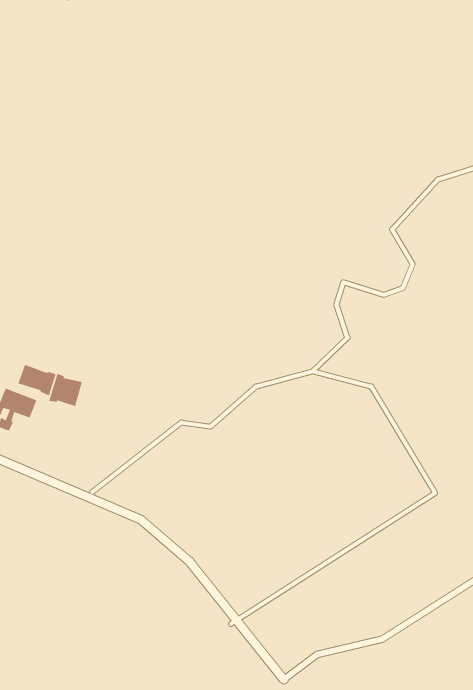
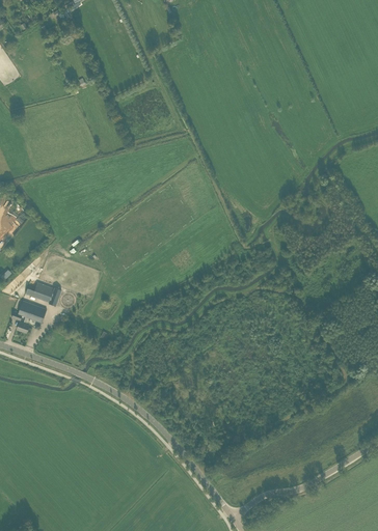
building: [48,373,83,407] -> none

